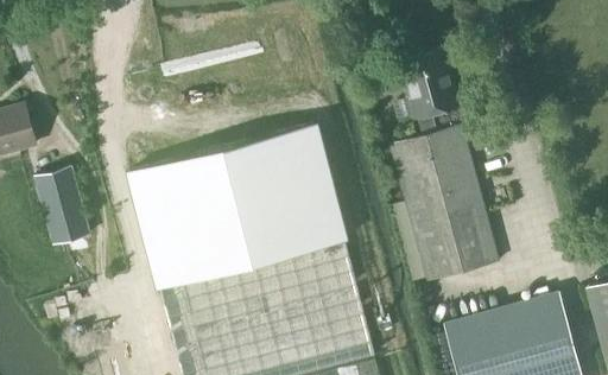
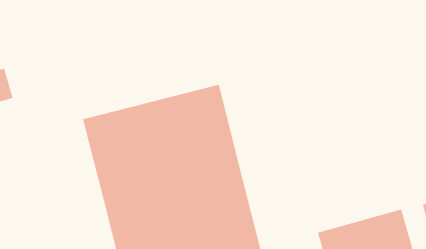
building: [392,50,500,280] -> none
building: [36,166,91,244] -> none

